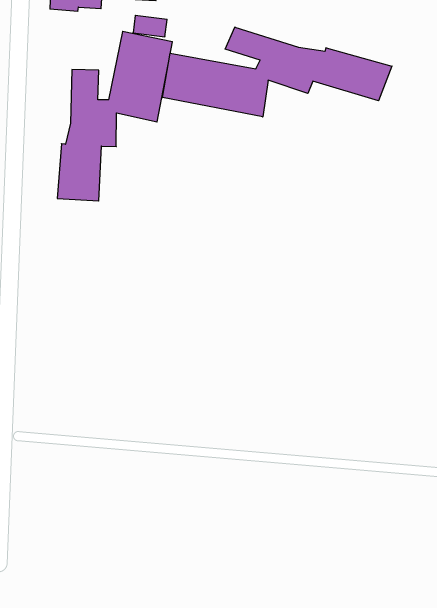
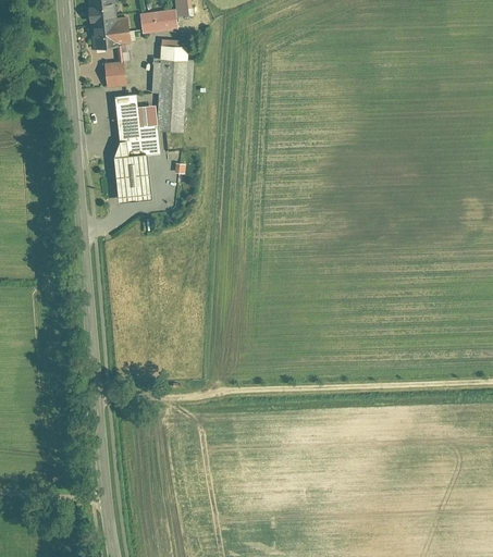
building: none -> [103,60,125,85]
building: [163,27,392,117] -> none

